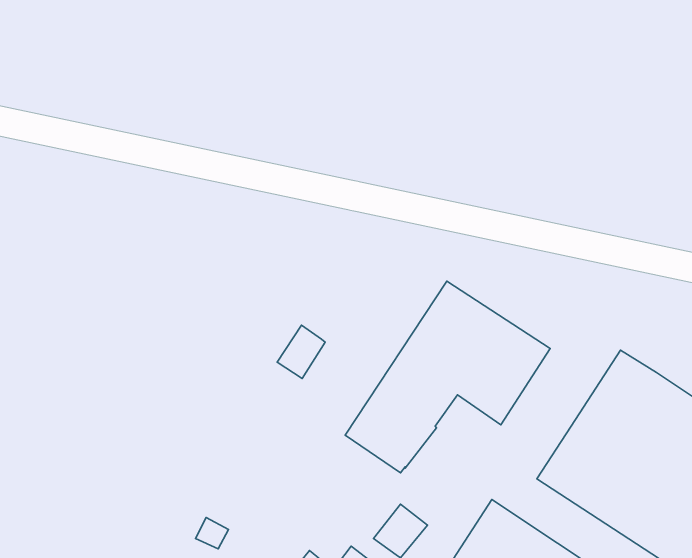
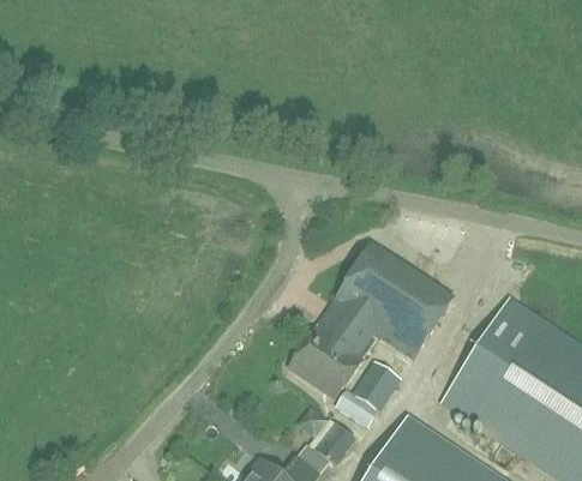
building: [277,325,325,379] -> none
building: none -> [334,357,401,426]

